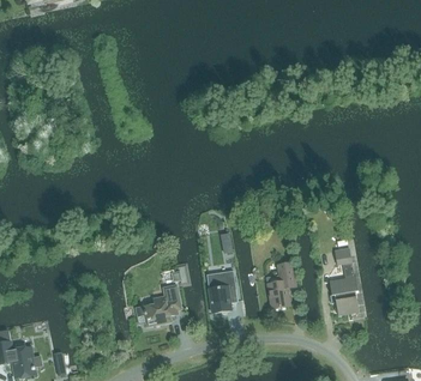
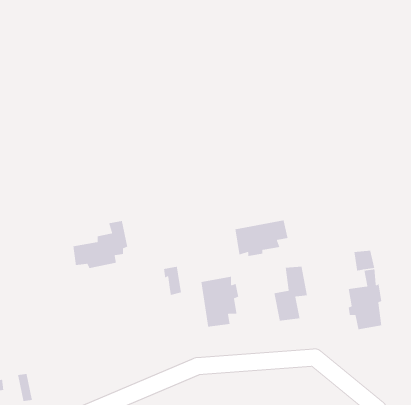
building: none -> [235,220,288,257]
building: [134,285,181,326] -> [72,220,128,269]

